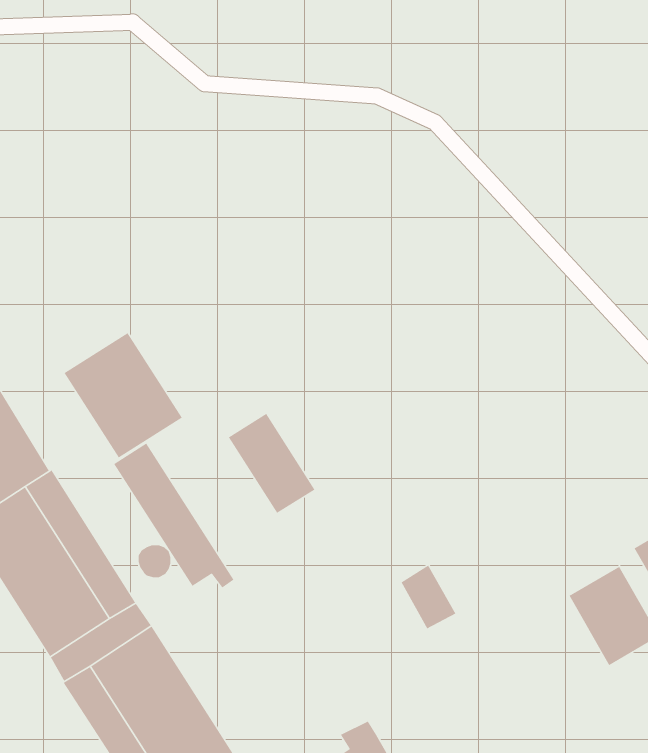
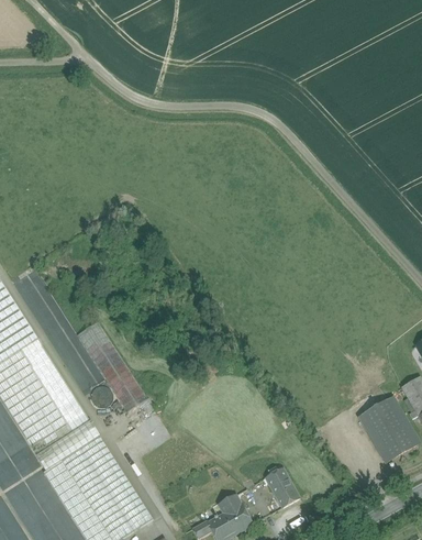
building: [63,332,183,459] -> none
building: [228,413,316,514] -> none
building: [400,564,457,630] -> [265,467,300,508]

